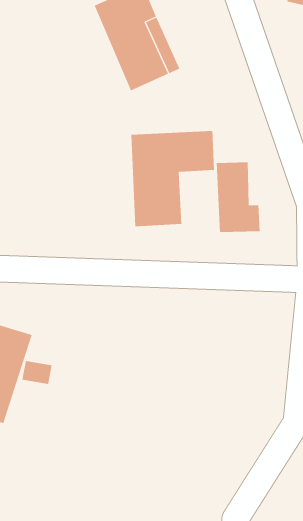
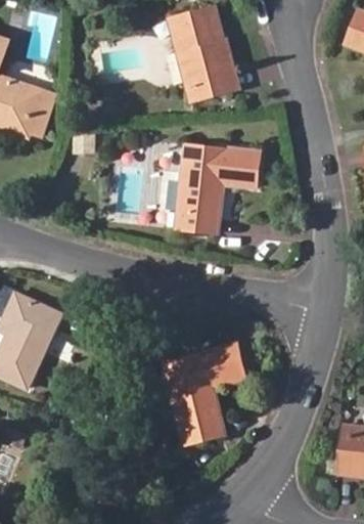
building: [216,161,260,233] -> none
building: none -> [162,344,244,445]

